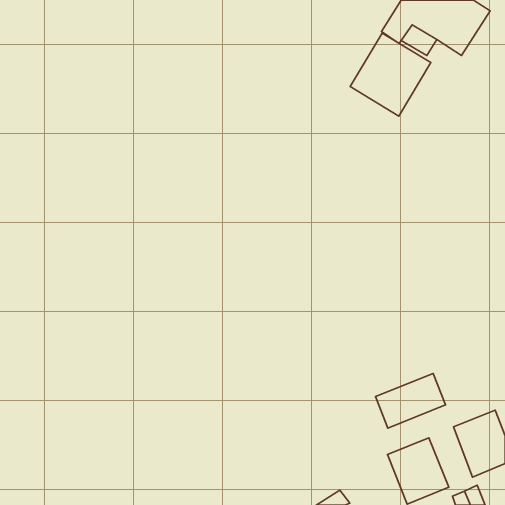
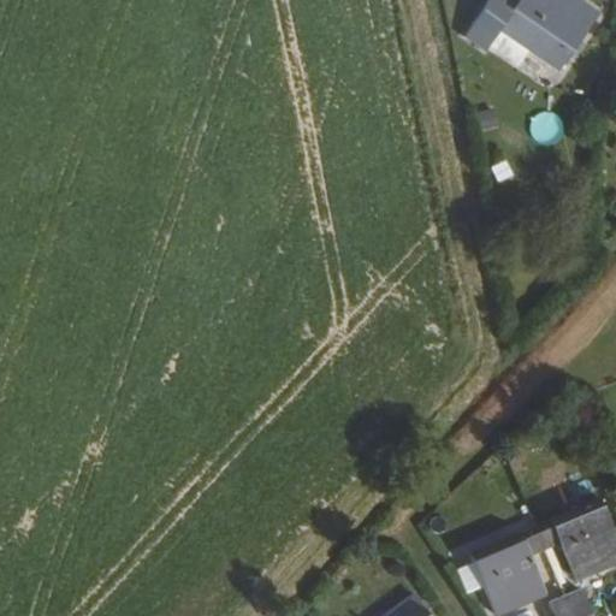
building: [350,33,431,116] -> none
building: [375,373,446,428] -> none

